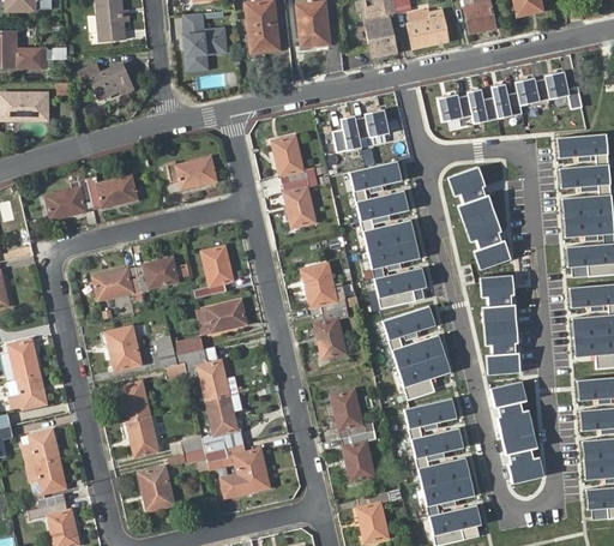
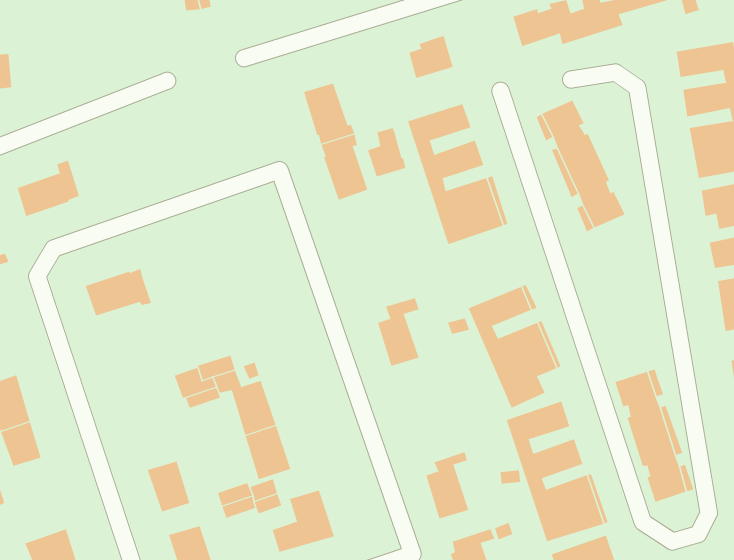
building: [82,66,133,100] -> none
building: [333,115,362,152] -> [367,128,406,177]
building: [165,157,216,190] -> none
building: [86,175,137,206] -> none
building: [193,246,230,299] -> none
building: [136,257,177,294] -> none
building: [300,264,344,313] -> none
building: [375,268,425,310] -> none
building: [487,275,522,374] -> none
building: [203,301,245,332] -> none
building: [104,328,139,370] -> none
building: [116,383,149,422] -> none
building: [327,390,372,437] -> none
building: [28,432,59,468] -> none

